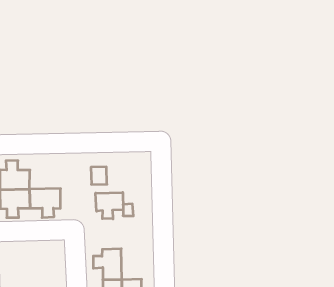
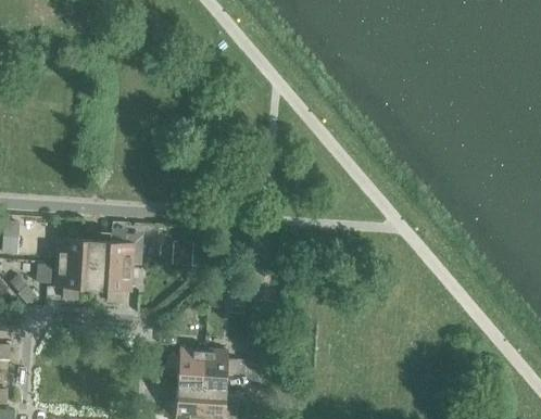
building: none -> [96,231,136,268]
building: [96,192,123,219] -> none
building: none -> [203,350,241,390]

